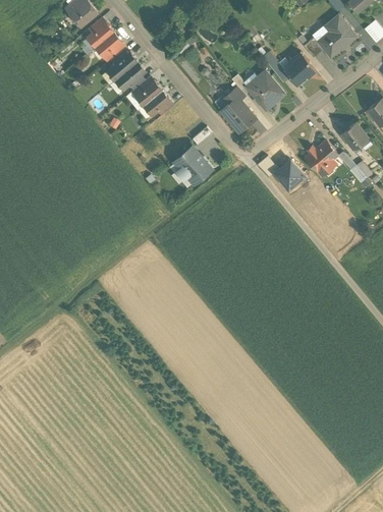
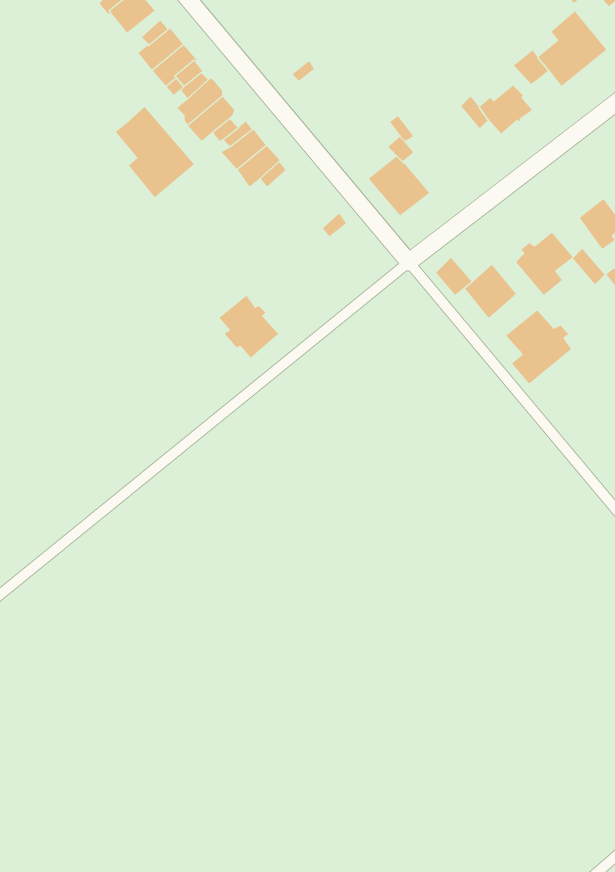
building: none -> [116,106,195,198]
building: [248,69,284,108] -> none
building: [175,147,210,183] -> [218,295,279,359]
building: none -> [505,309,572,384]

